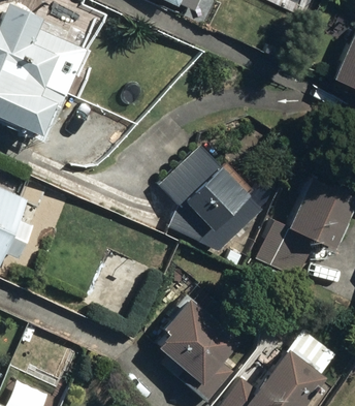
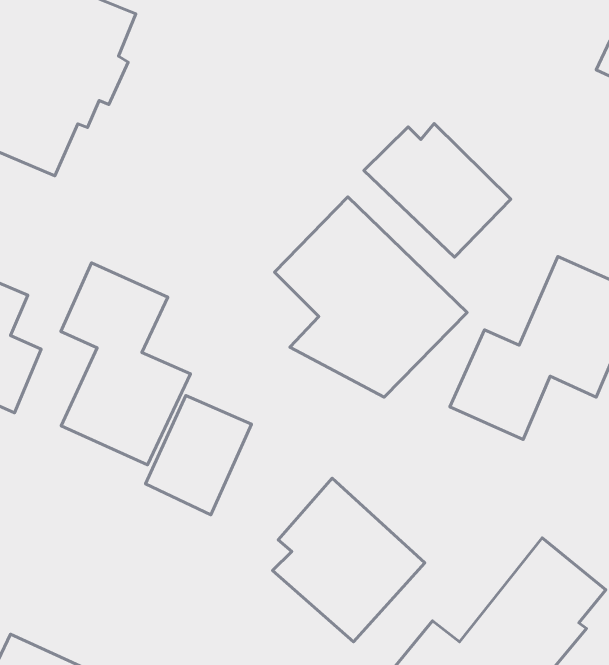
building: none -> [364,124,511,257]
building: none -> [61,263,190,465]

